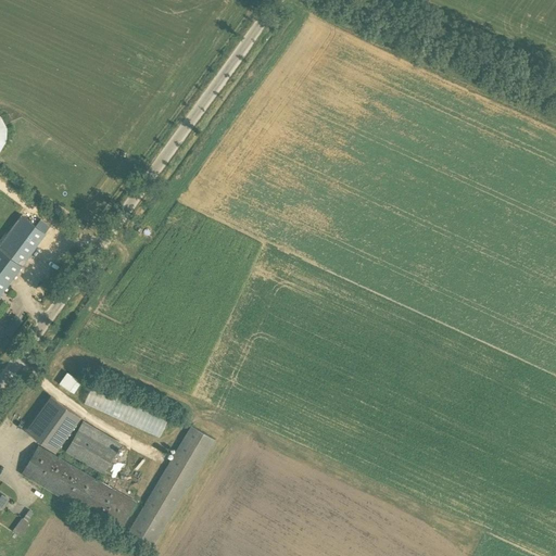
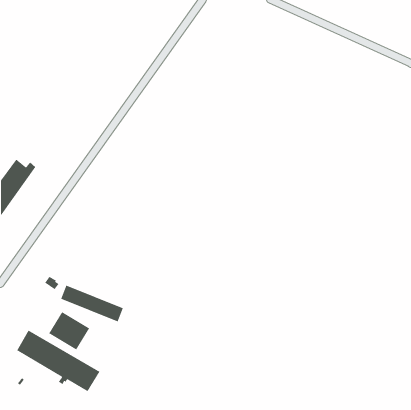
building: [25,395,80,452] -> none
building: [126,426,215,549] -> none

